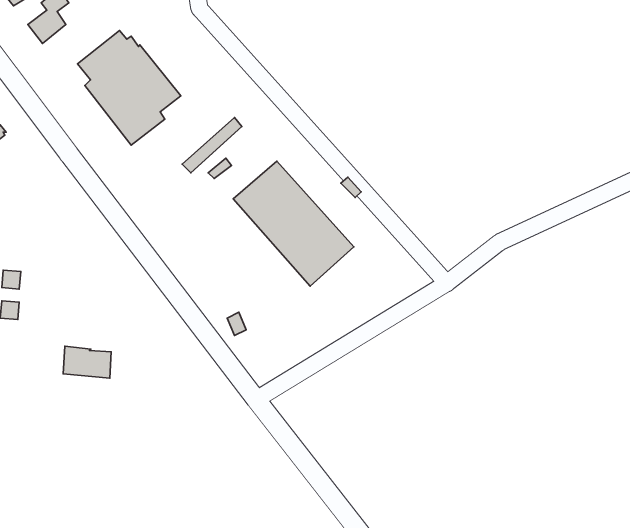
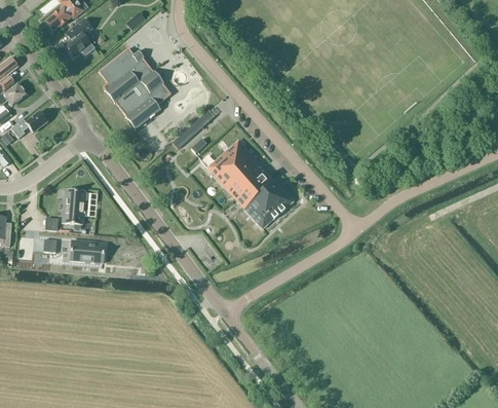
building: none -> [62,189,84,224]
building: [63,346,111,378] -> [70,239,104,262]

